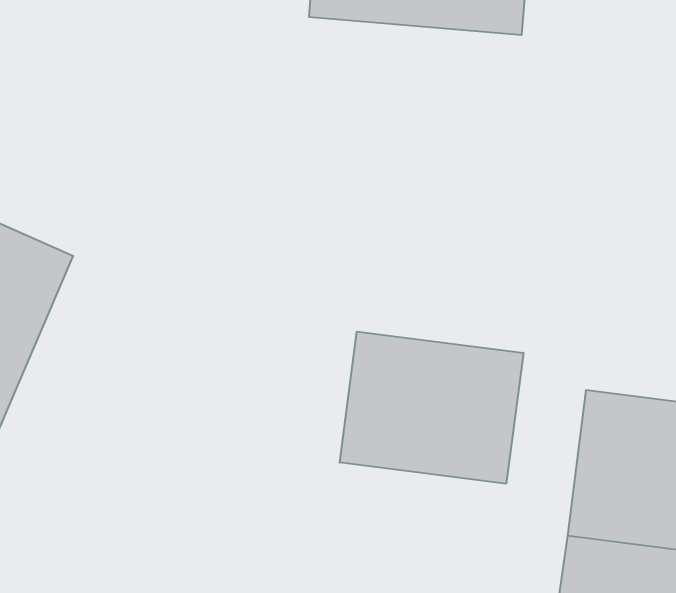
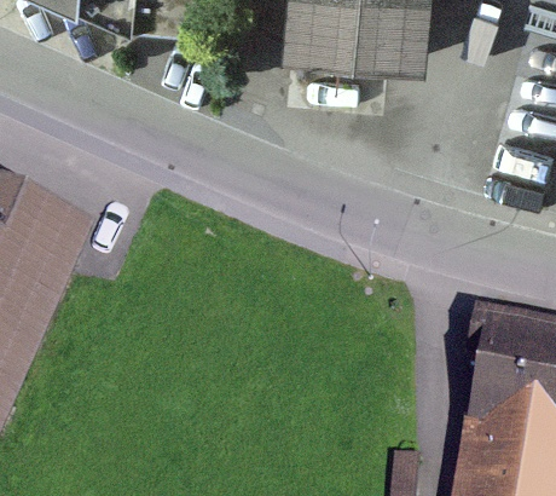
building: [340,332,523,484] -> none

